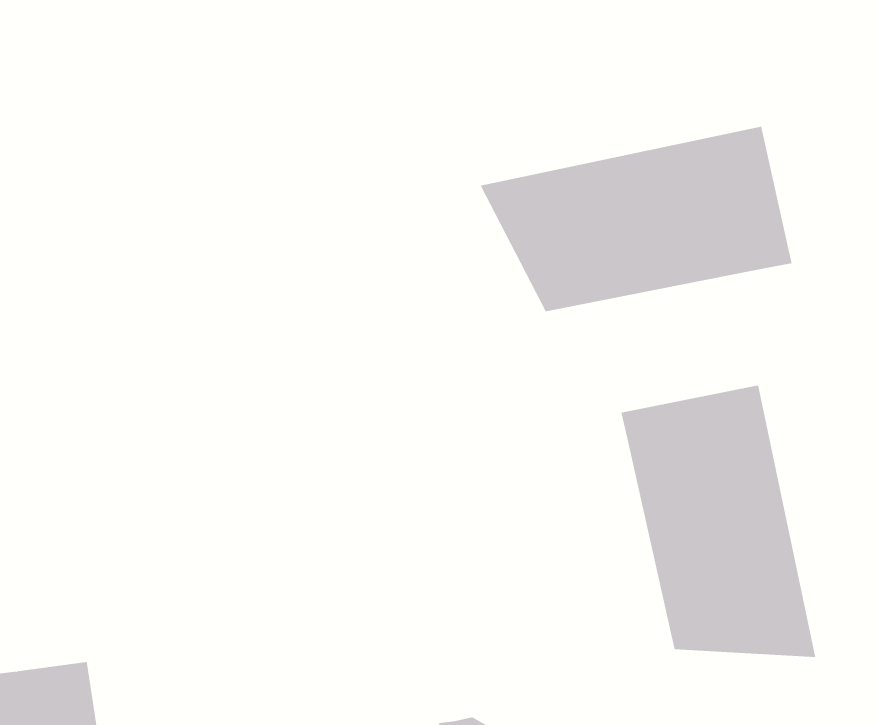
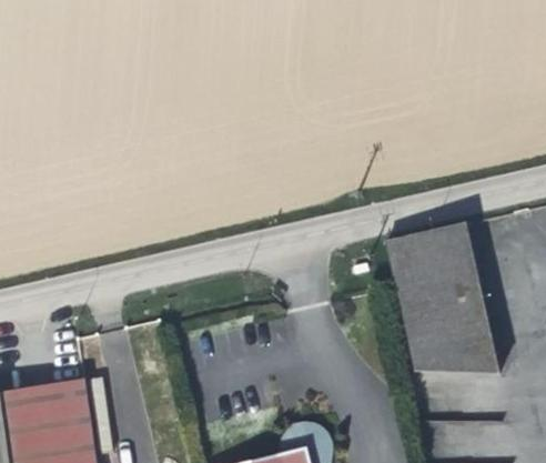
building: [480,126,792,312] -> none

